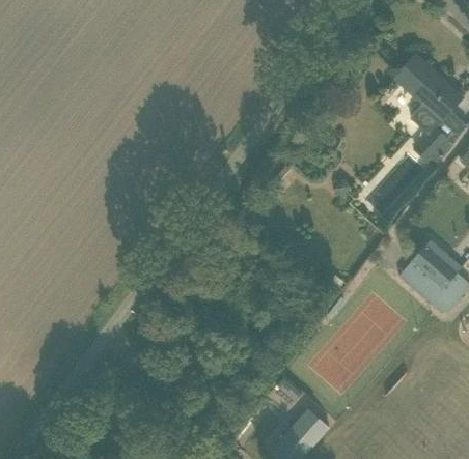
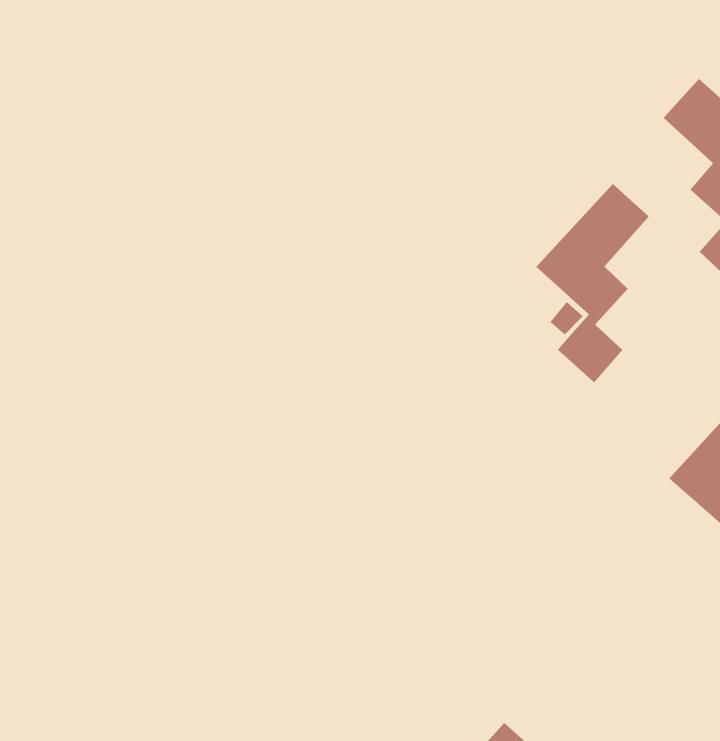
building: none -> [536,183,650,383]

